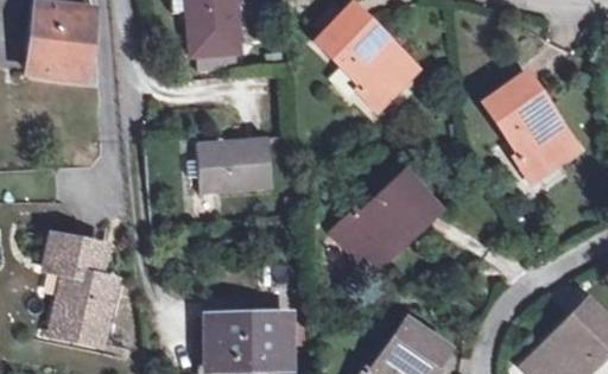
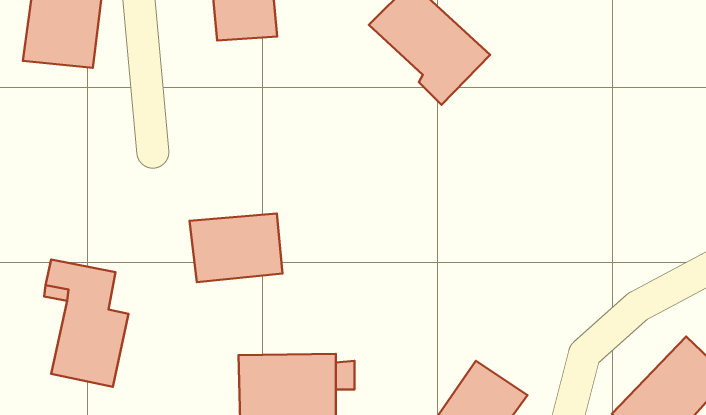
building: [487,72,580,179] -> none
building: [197,137,274,194] -> [190,214,283,282]
building: [336,173,441,272] -> none

